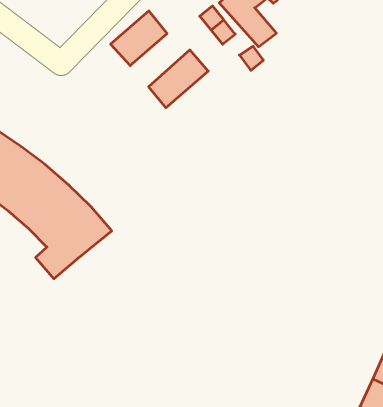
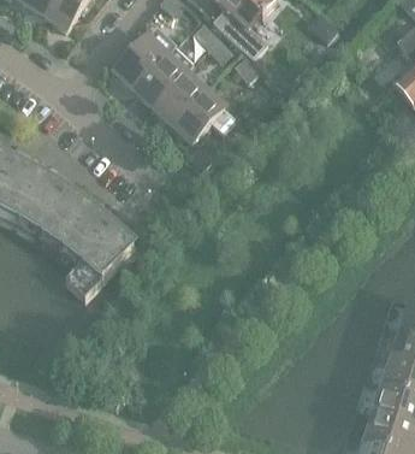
building: none -> [134,43,192,105]
building: none -> [171,84,231,141]

